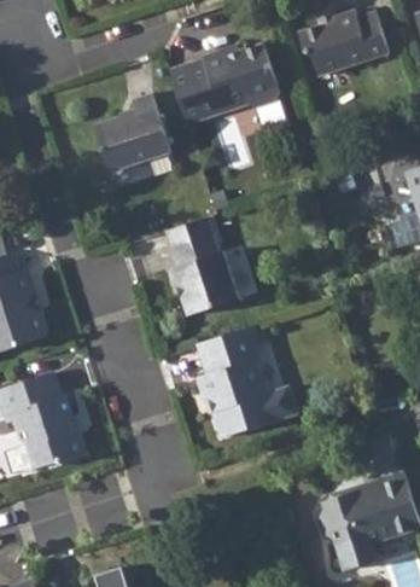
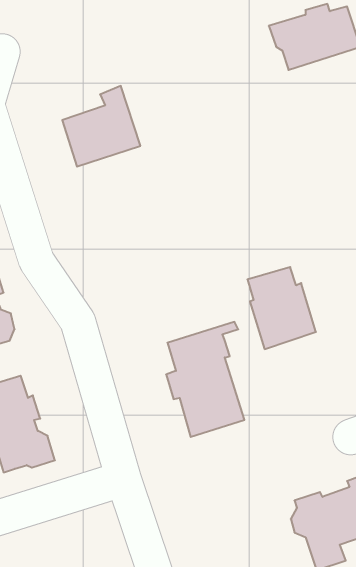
building: [187,43,280,117] -> none
building: [171,234,239,315] -> [247,267,316,349]

